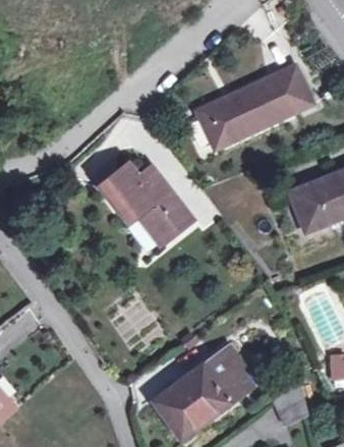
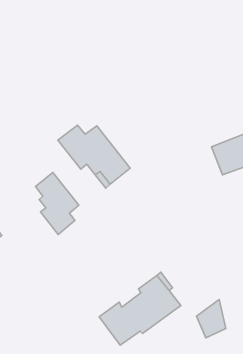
building: [199,66,312,147] -> none
building: none -> [35,173,79,234]

